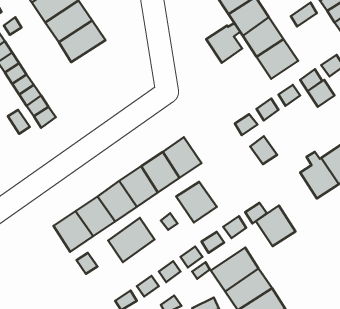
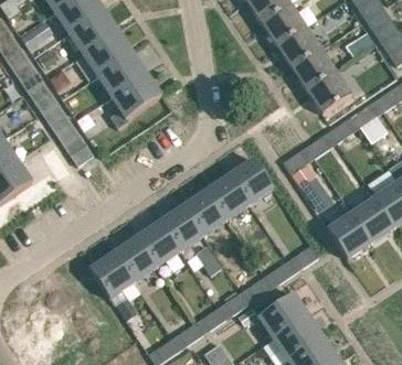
building: [206,23,242,63] -> none
building: none -> [109,72,160,126]
building: [176,182,217,222] -> [229,159,272,202]
building: [256,205,296,246] -> [328,212,370,255]
building: [108,218,155,262] -> none

